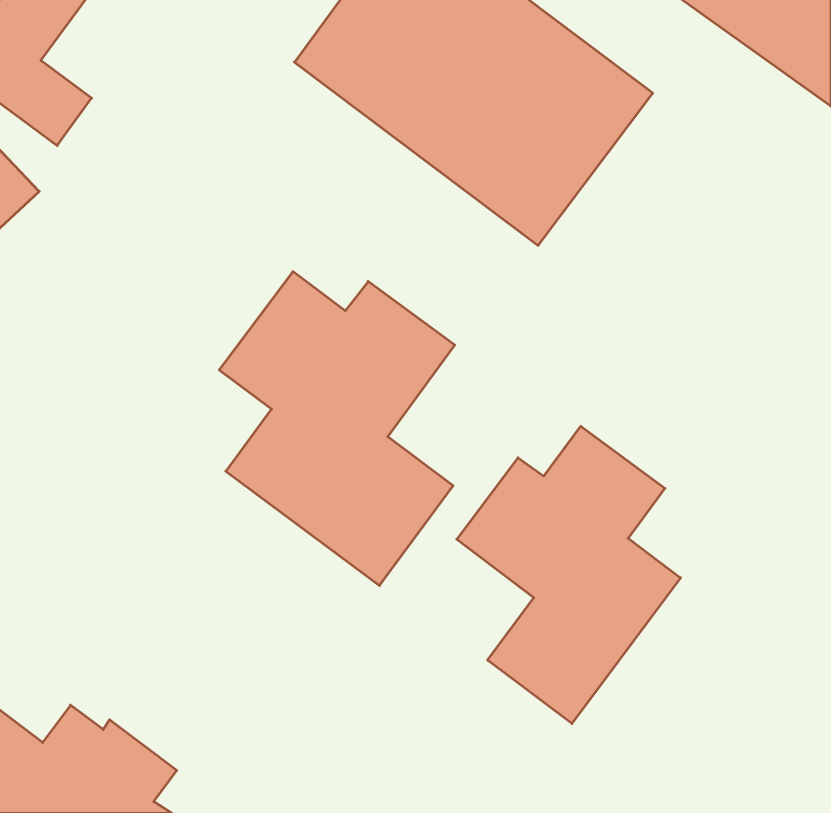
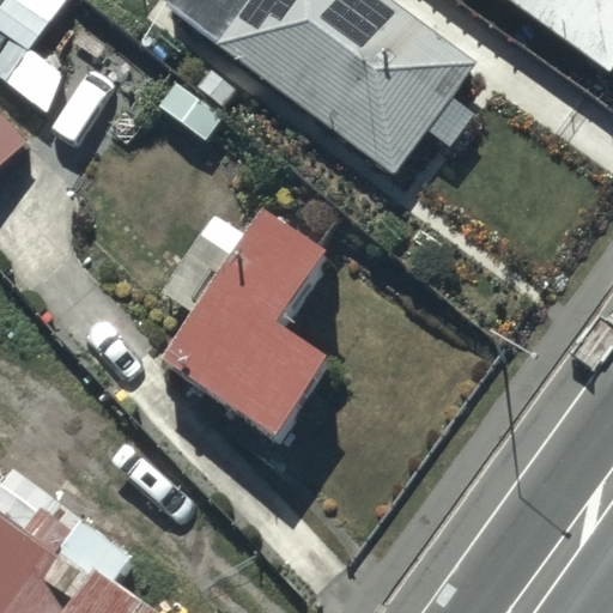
building: [457,426,681,724] -> none

